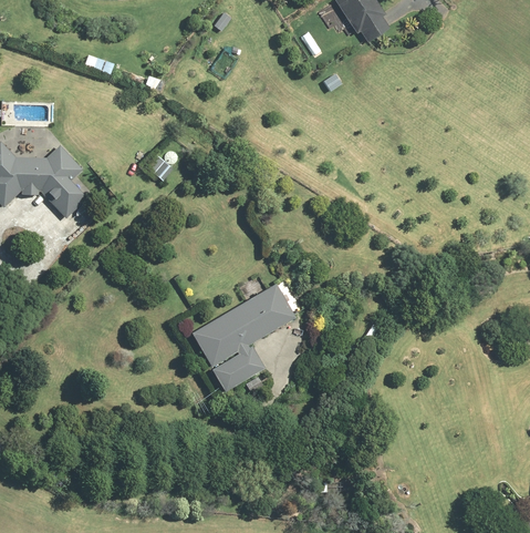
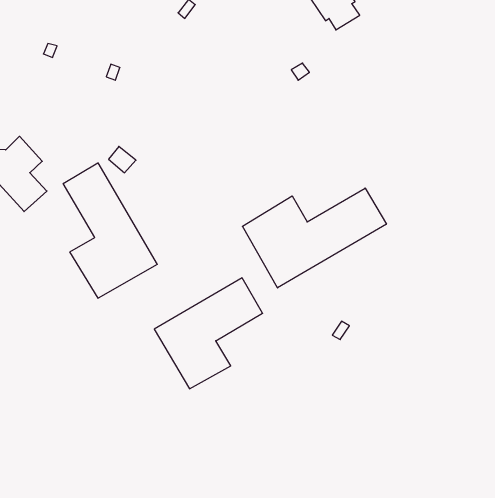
building: none -> [63,163,157,298]
building: none -> [242,188,386,288]

